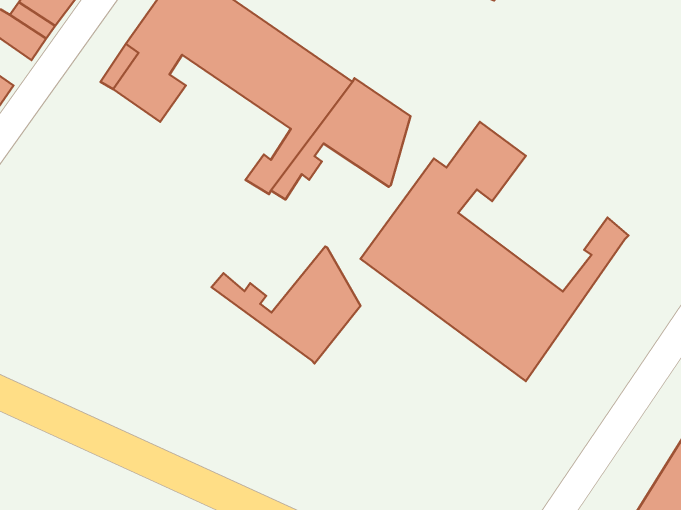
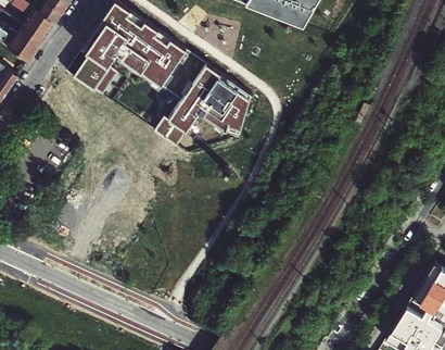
building: [360,122,628,381] -> none
building: [212,246,360,363] -> none

